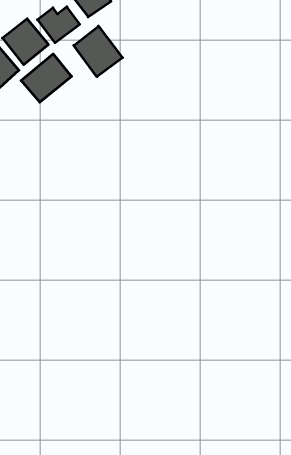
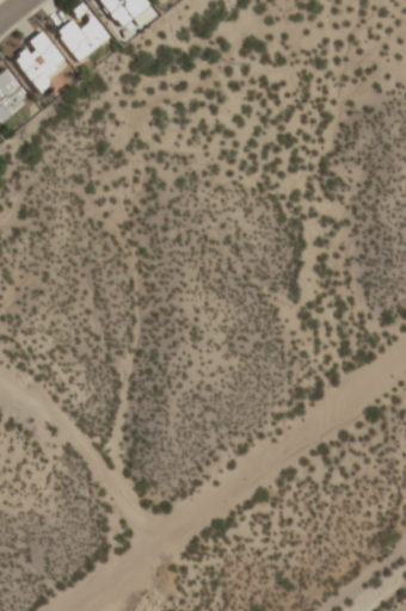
building: [74,26,123,77] -> none
building: [21,54,72,102] -> none

